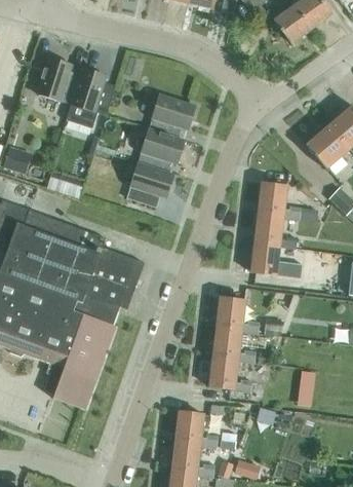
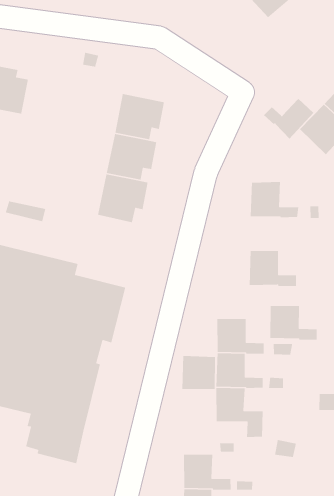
building: [66,68,115,128] -> none
building: none -> [263,98,314,140]
building: [253,213,296,248] -> [270,305,318,341]
building: none -> [181,355,216,390]

